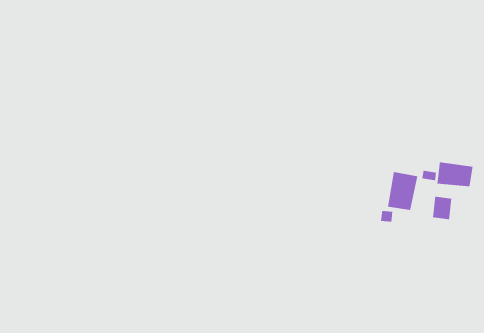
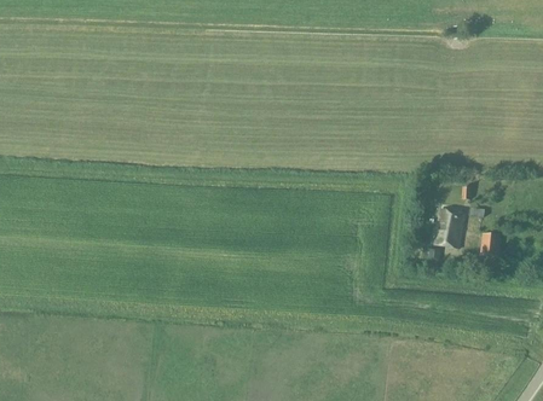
building: [437,162,473,187] -> none

